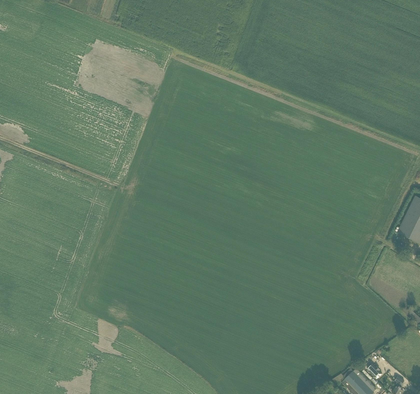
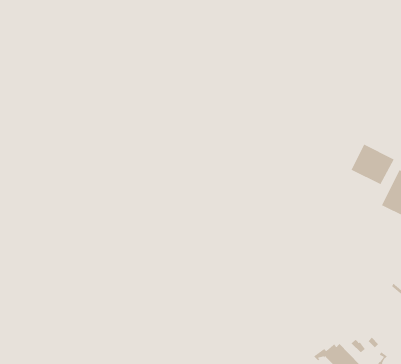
building: none -> [351,143,395,185]

